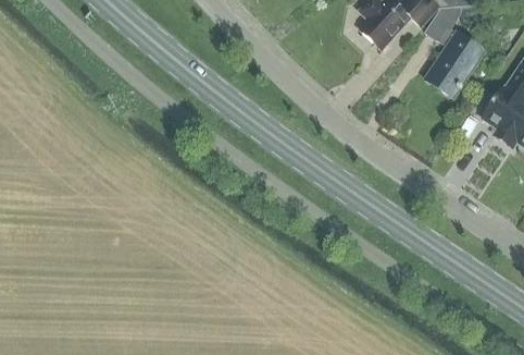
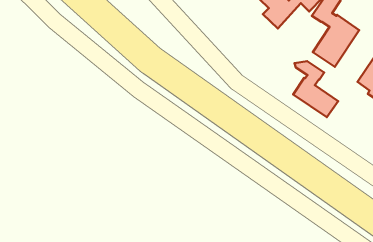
building: none -> [293,61,338,117]

